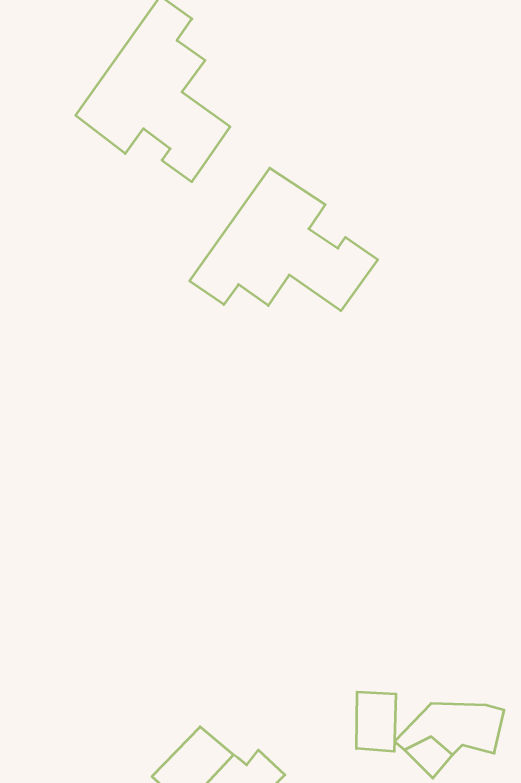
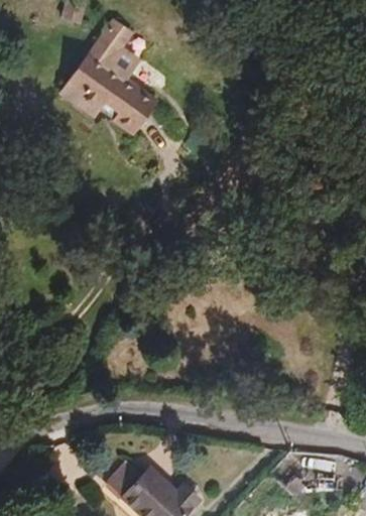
building: [190,168,378,311] -> none
building: [356,692,396,751] -> none

